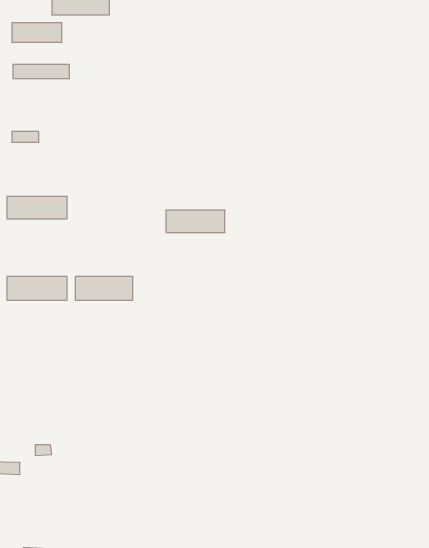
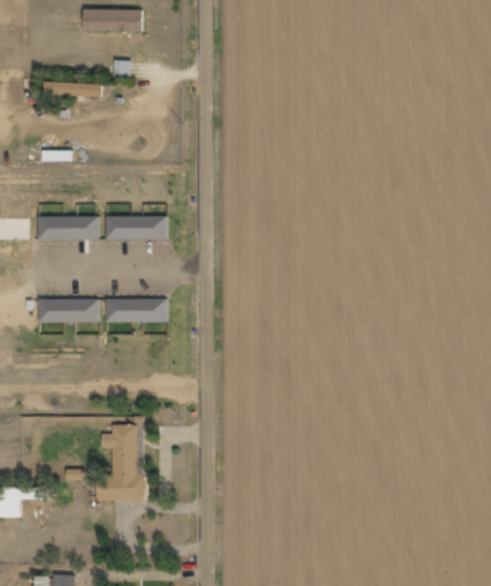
building: [12,22,61,43] -> none
building: [166,210,225,232] -> [106,216,166,239]
building: none -> [97,424,143,501]

